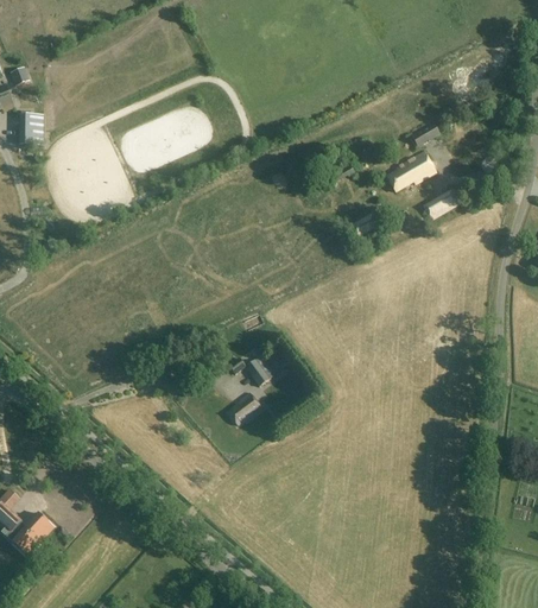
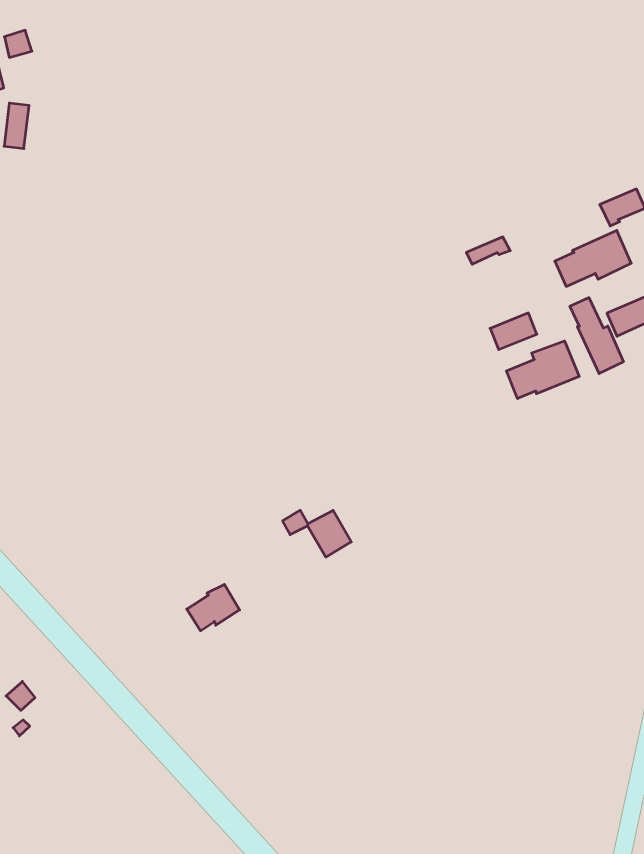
building: none -> [570,298,623,374]
building: none -> [506,341,579,399]
building: [228,394,262,426] -> [187,584,240,631]

